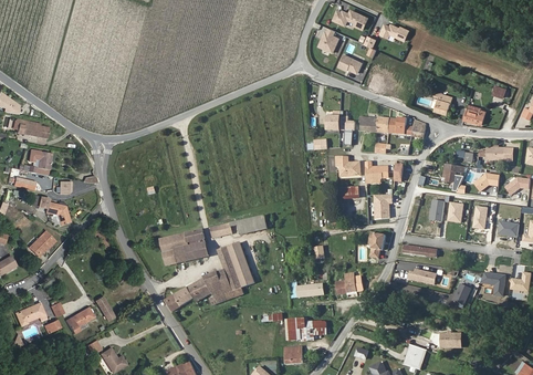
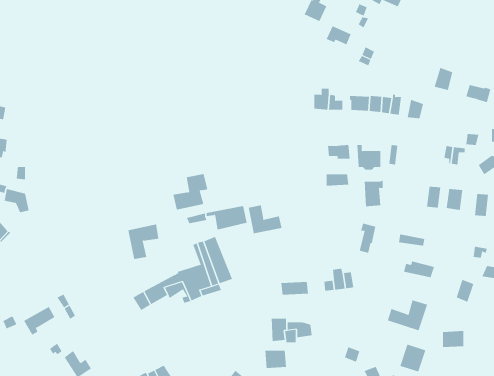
building: none -> [248,204,282,234]
building: [174,230,206,263] -> [172,174,208,210]
building: none -> [387,299,428,331]

